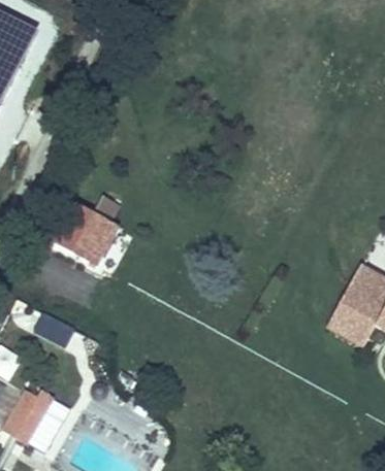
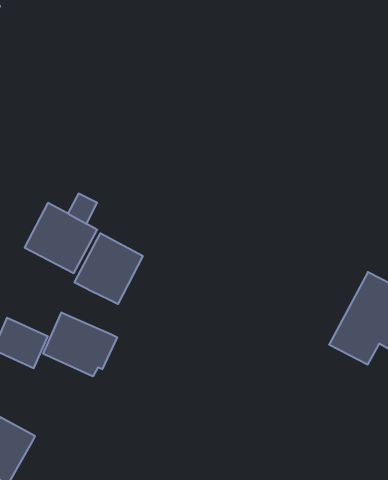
building: none -> [74,233,143,304]
building: none -> [43,312,117,376]

